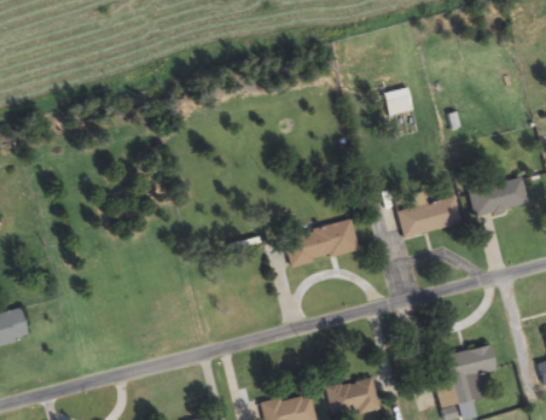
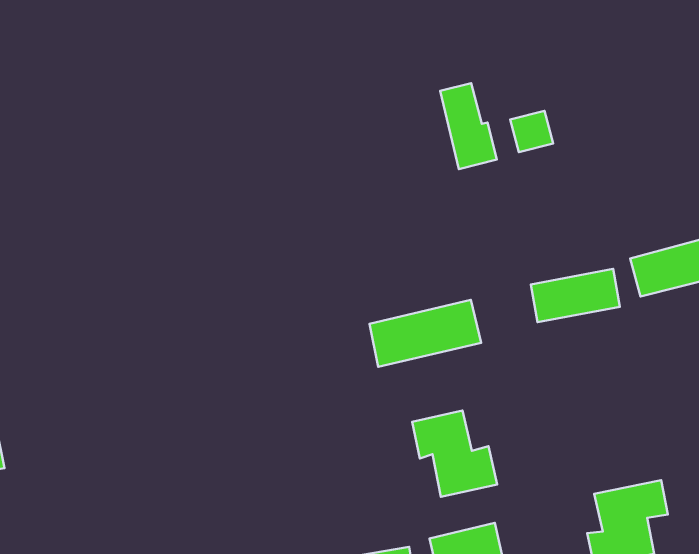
building: none -> [440,83,497,169]
building: none -> [412,411,497,497]

